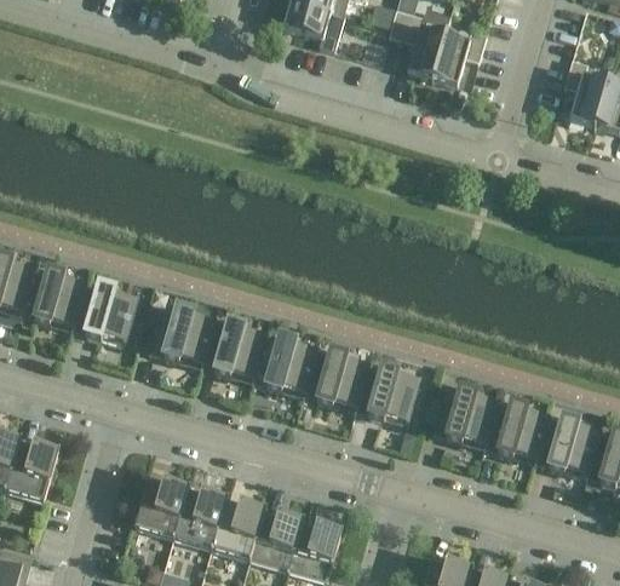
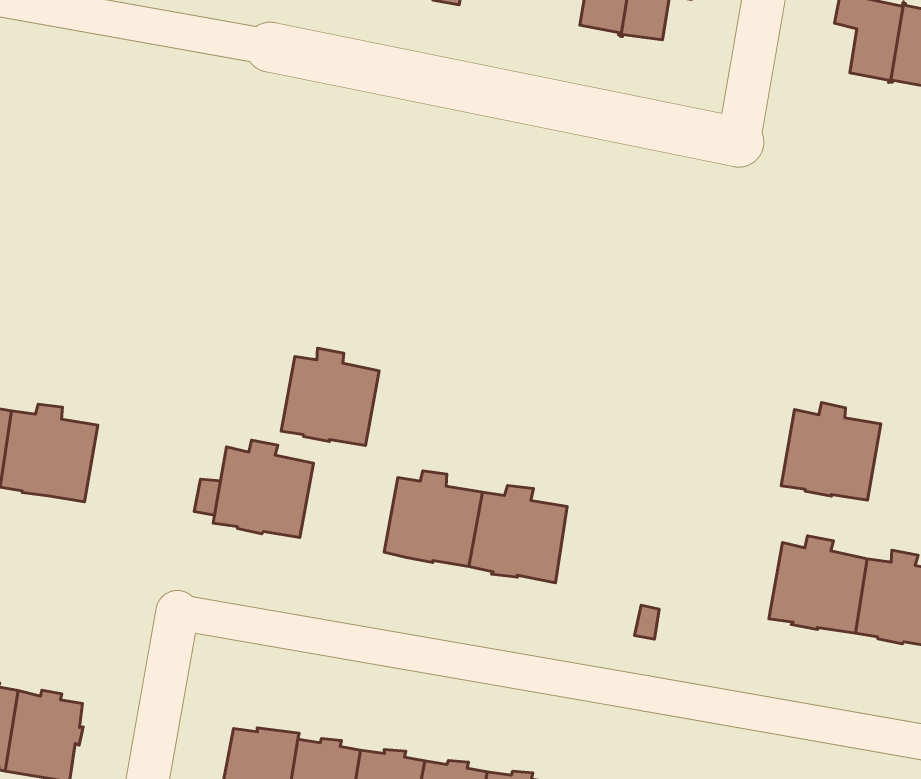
building: [73,281,138,344] -> none
building: [202,317,266,380] -> [281,348,379,446]
building: [356,362,420,425] -> none
building: [432,384,498,447] -> [781,403,881,500]

